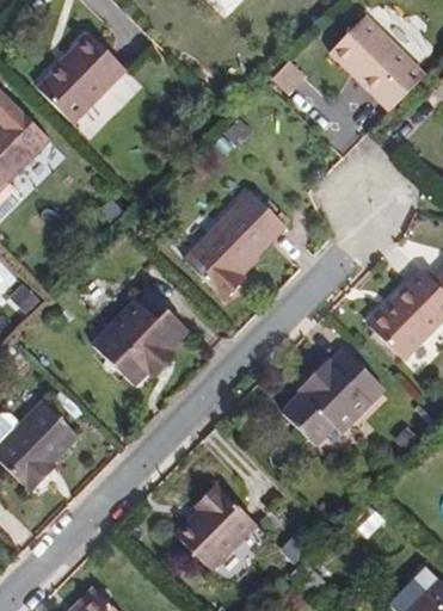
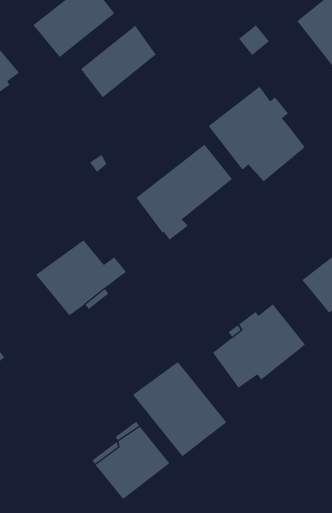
building: none -> [80,25,157,98]
building: none -> [208,86,306,182]
building: none -> [132,361,227,457]

